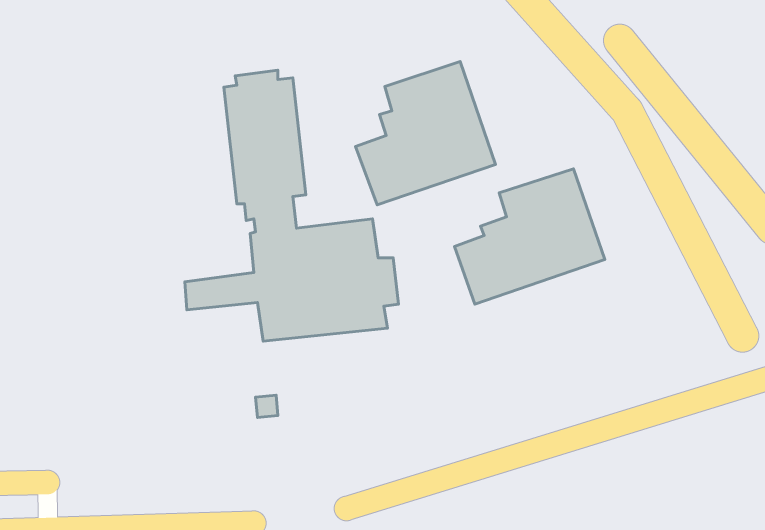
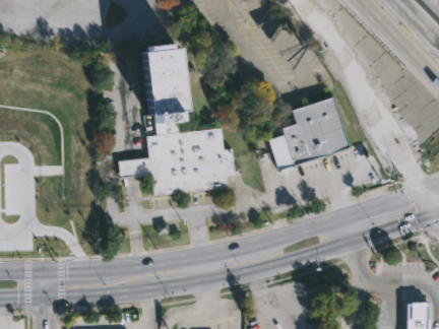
building: [355,61,496,205] -> none

